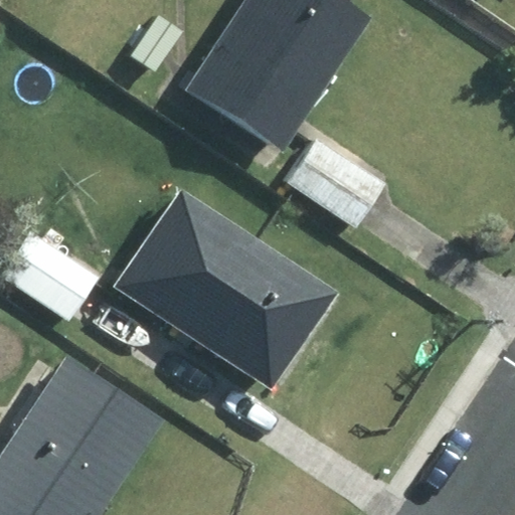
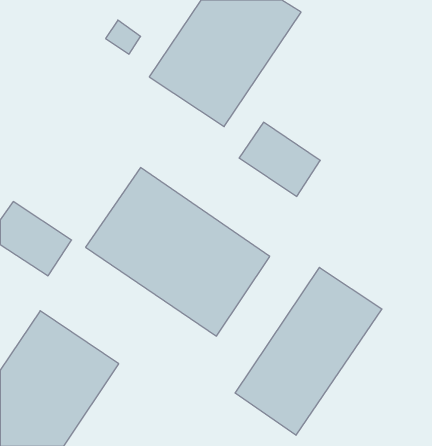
building: none -> [235,267,382,435]

